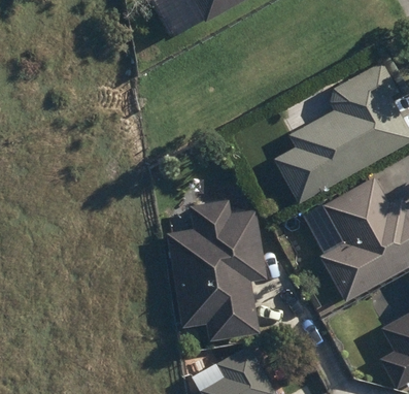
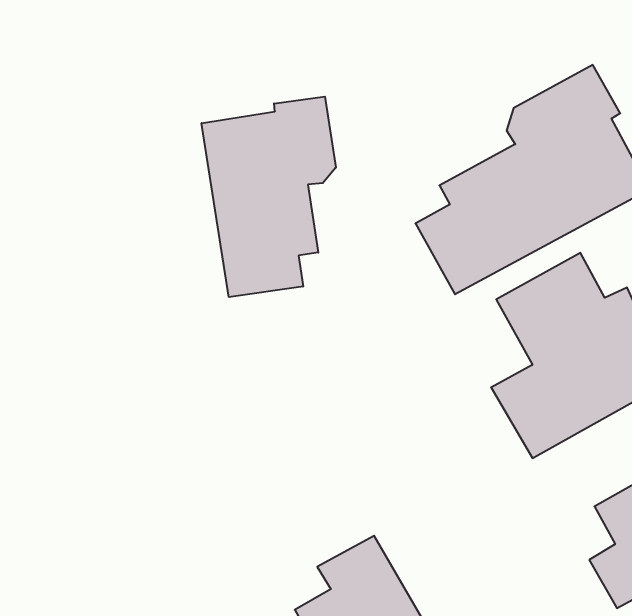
building: none -> [202,97,336,297]
building: [167,199,267,340] -> none

